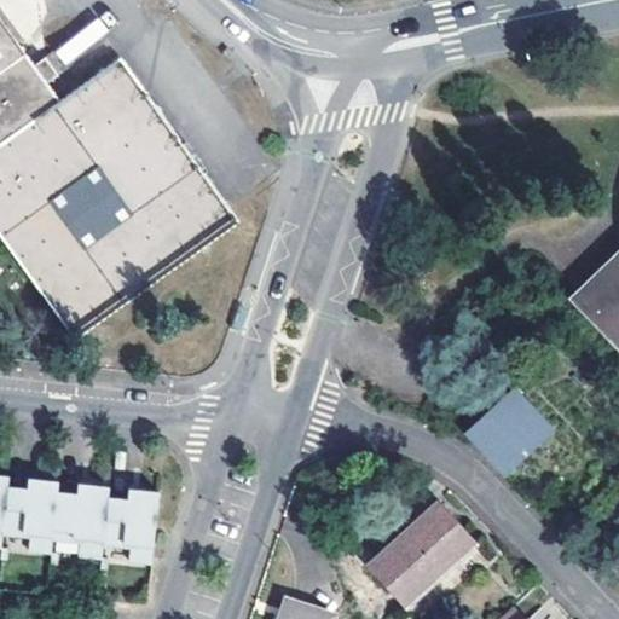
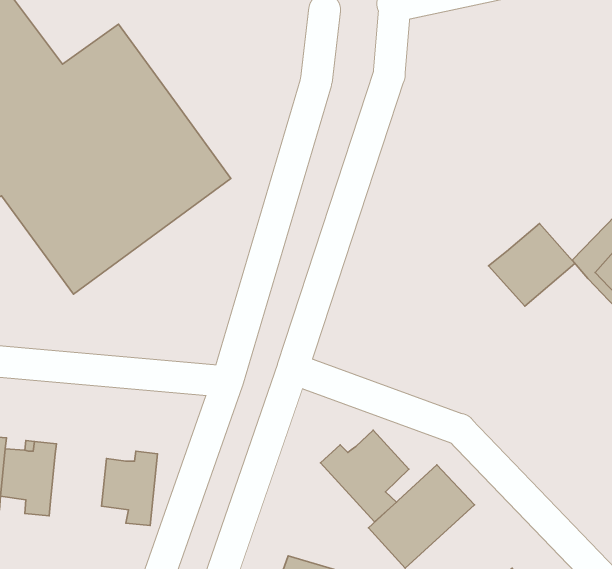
building: [459,389,545,472] -> [488,223,575,306]
building: none -> [321,430,409,522]
building: [53,485,110,559] -> none

